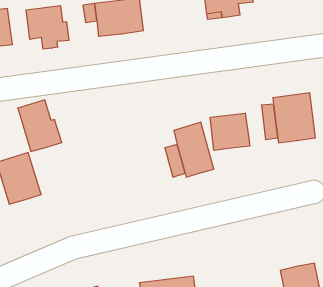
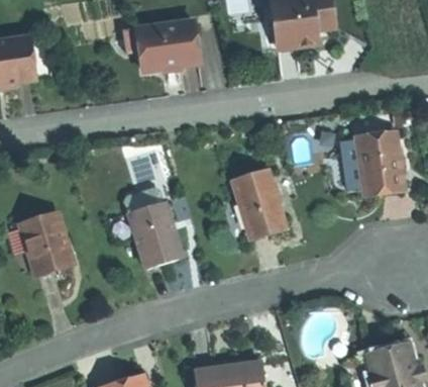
building: [26,6,69,49] -> none
building: [18,100,62,151] -> [129,204,184,268]
building: [210,113,250,150] -> none

